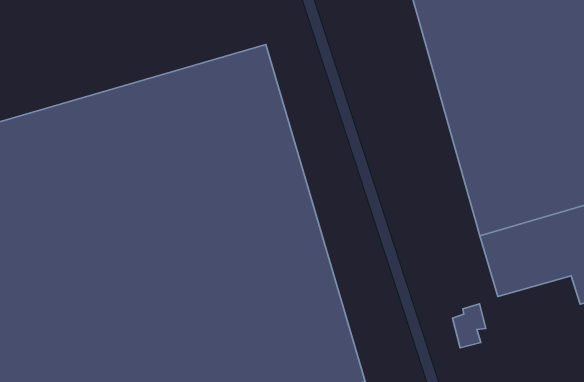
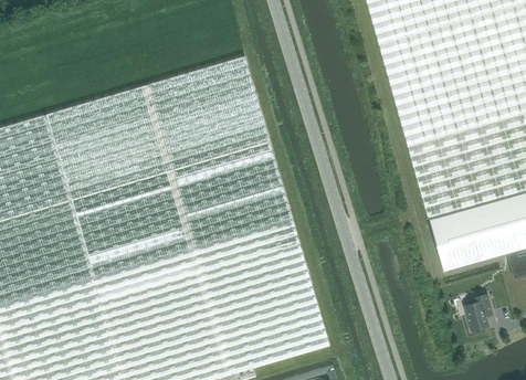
building: [452,304,486,348] -> [464,293,493,330]

